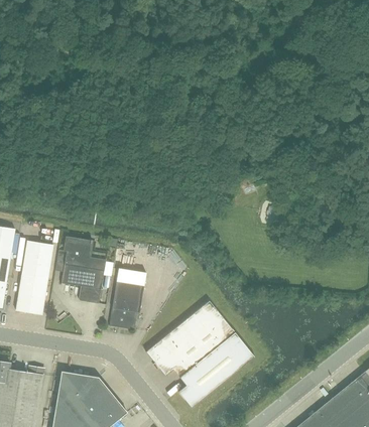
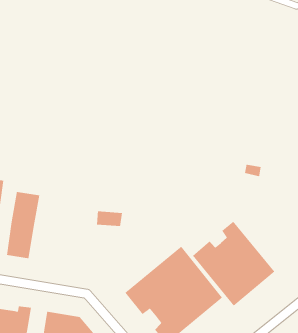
building: [60,237,105,303] -> none
building: none -> [192,221,275,307]
building: [109,281,144,329] -> none

